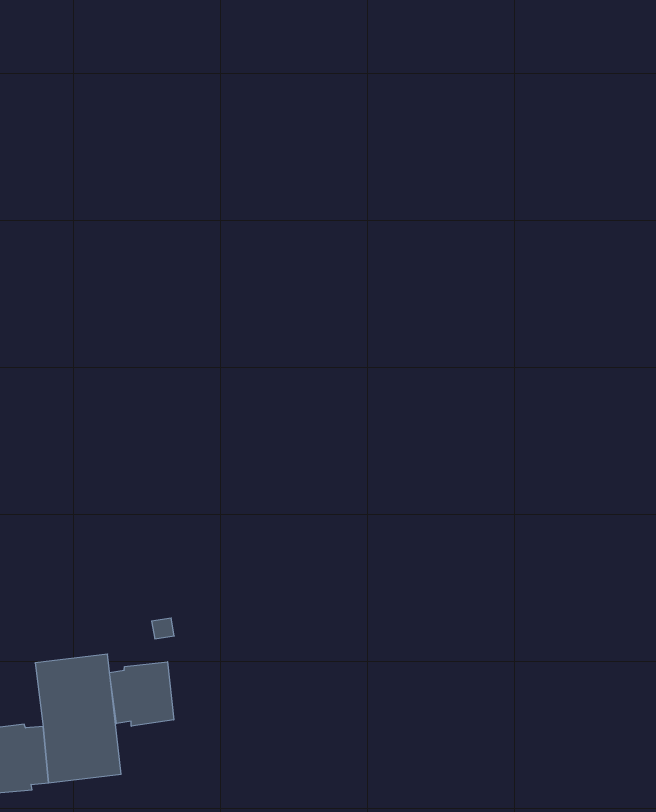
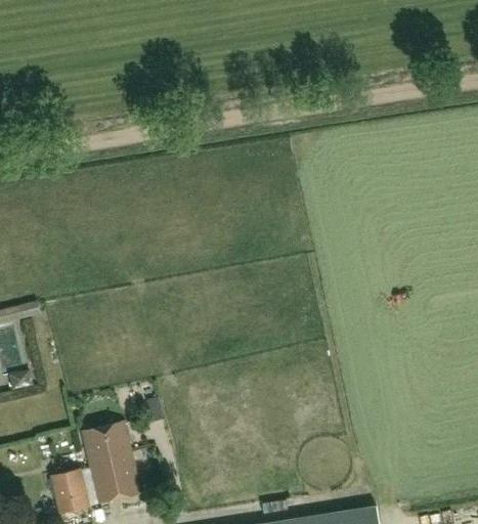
building: [110,662,174,726] -> none

